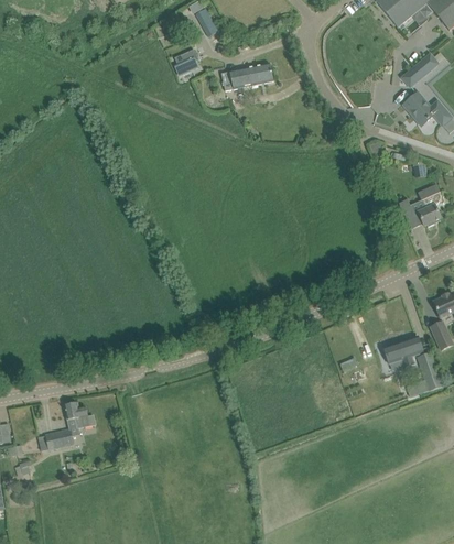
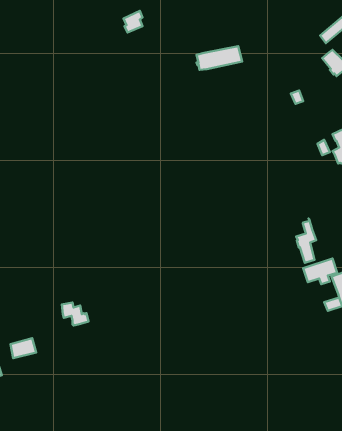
building: [220,63,273,90] -> [197,46,242,70]
building: none -> [296,219,316,263]
building: [64,402,95,428] -> [62,303,89,325]

